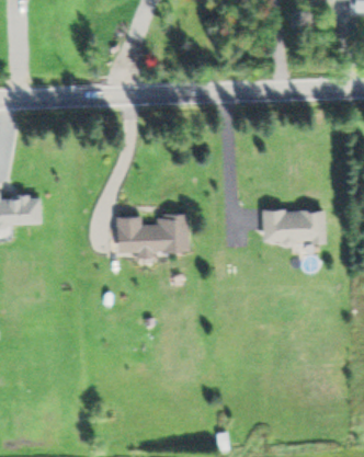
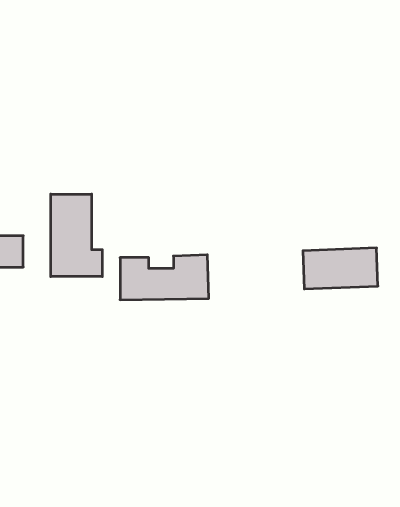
building: none -> [51,194,102,277]

